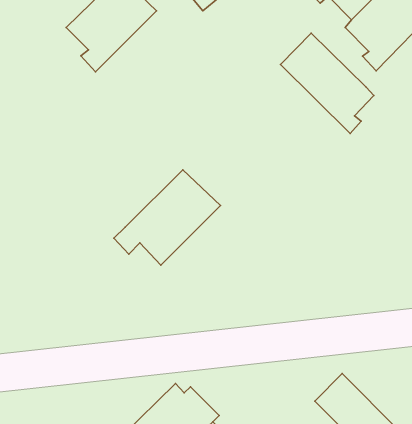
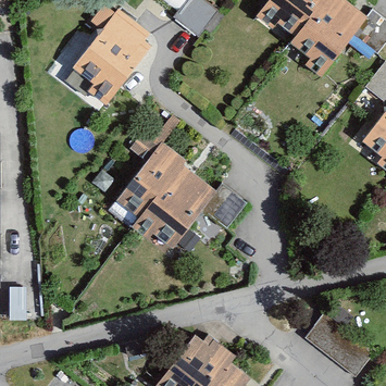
building: [280,33,374,134] -> none
building: none -> [117,146,184,219]

